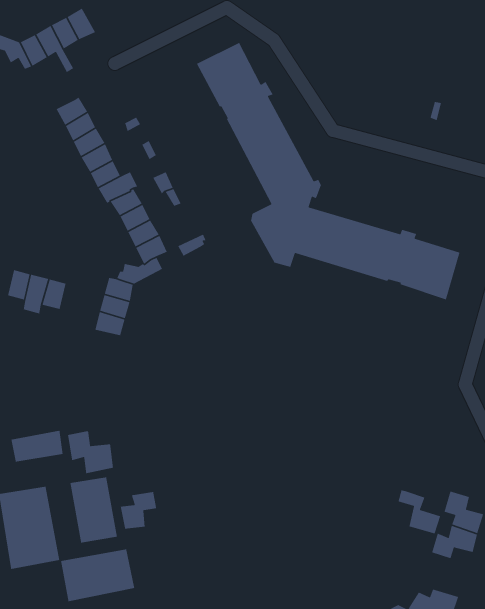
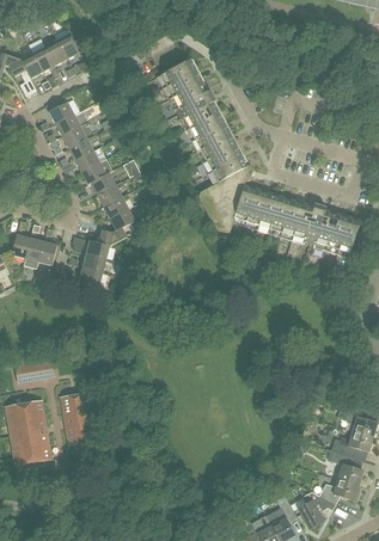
building: [67,431,114,474] -> none
building: [398,489,441,535] -> [329,450,362,485]
building: [120,491,157,530] -> none
building: [60,549,135,602] -> none

